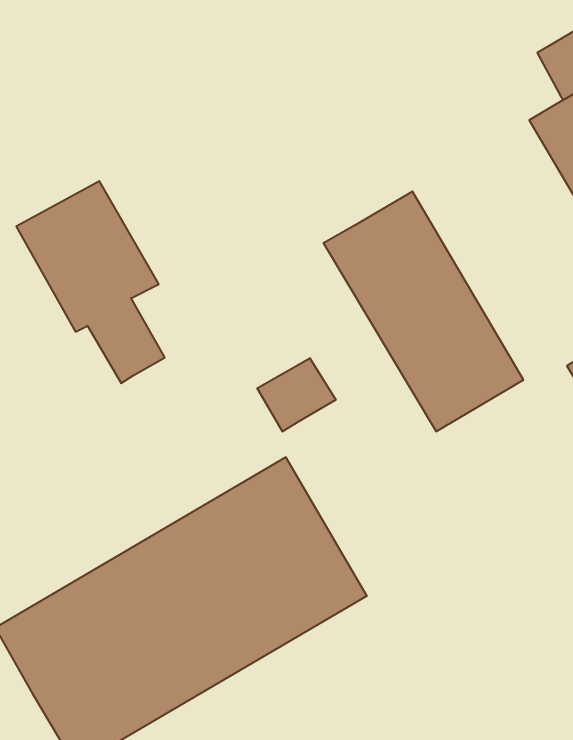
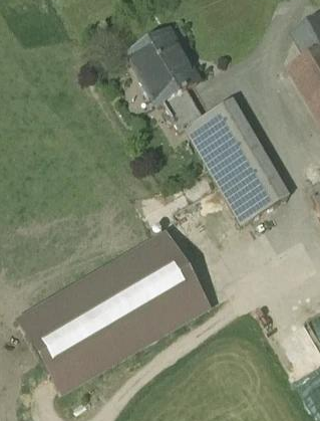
building: [16,181,165,383] -> [126,28,202,131]
building: [257,358,336,432] -> none

